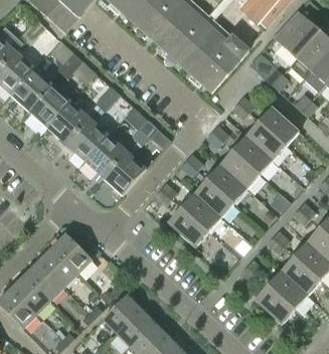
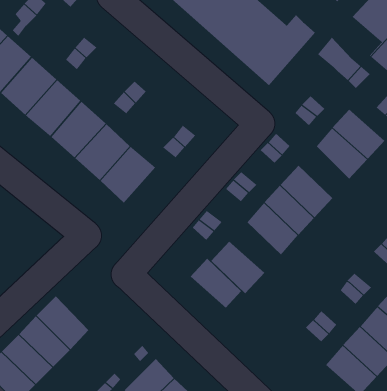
building: [234,135,273,174] -> none
building: [103,151,146,195] -> none
building: [182,192,221,230] -> [190,258,242,308]
building: [51,233,92,274] -> none

